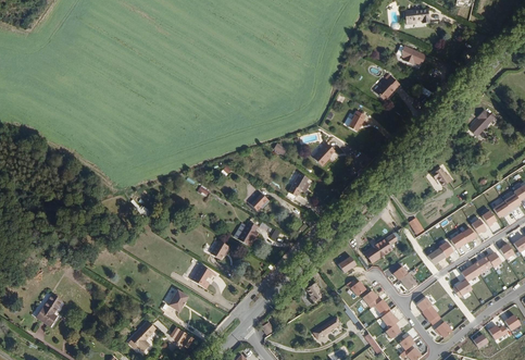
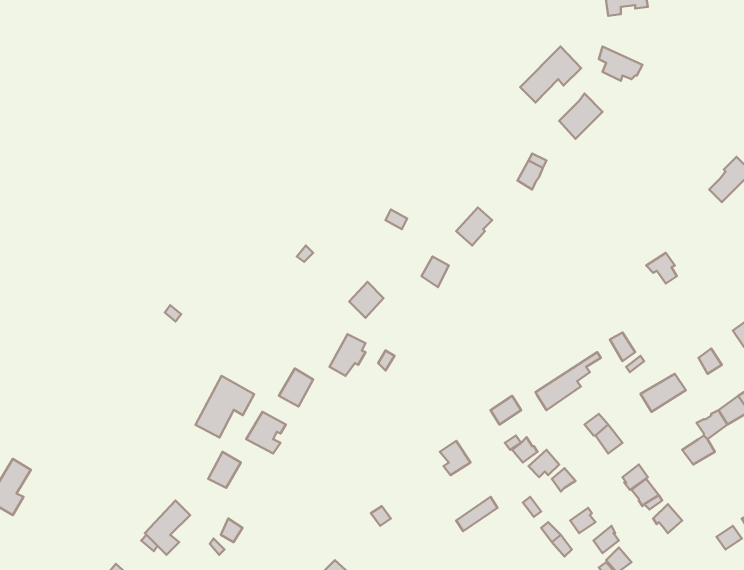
building: none -> [520,47,581,103]
building: none -> [196,376,254,438]

